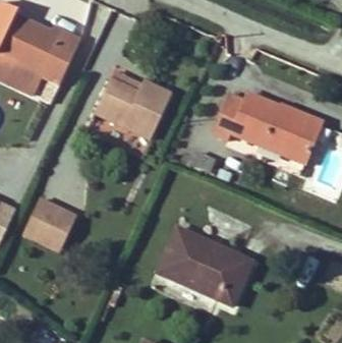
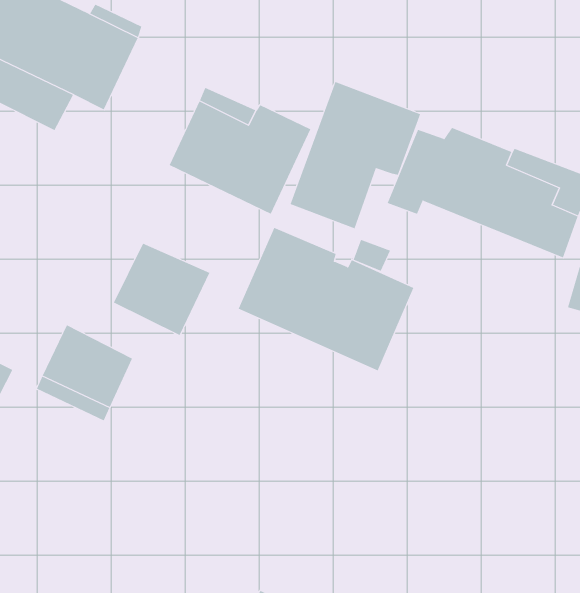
building: none -> [290,81,421,229]
building: none -> [113,243,210,336]
building: [157,227,251,304] -> [238,227,414,371]

